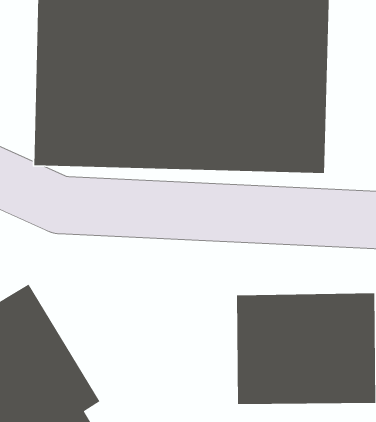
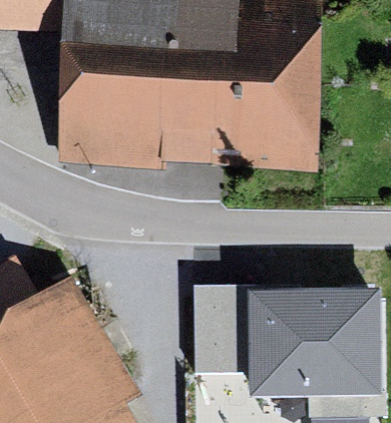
building: none -> [189,284,239,366]

